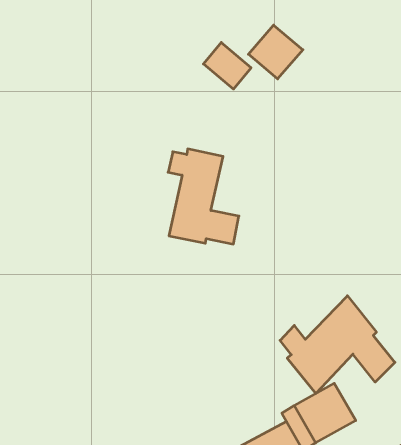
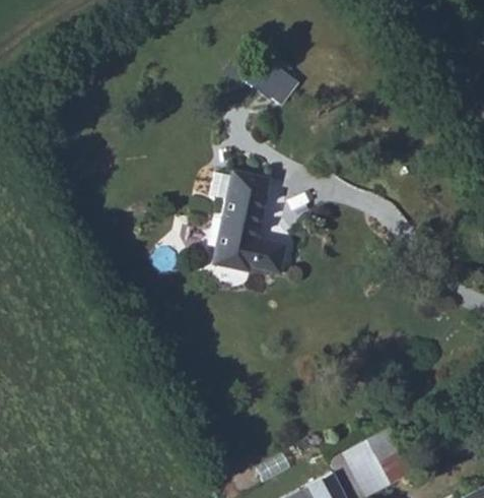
building: [248,25,303,79] -> none
building: [280,296,395,394] -> none

